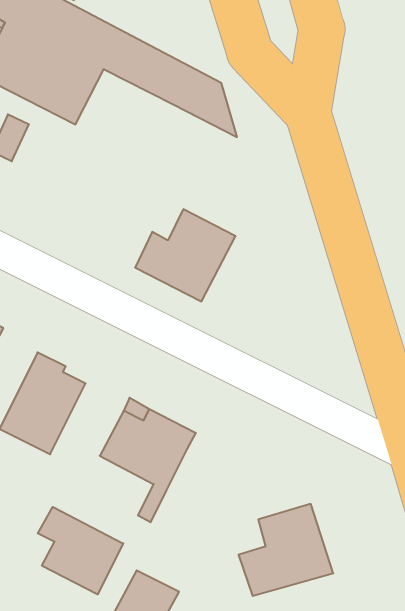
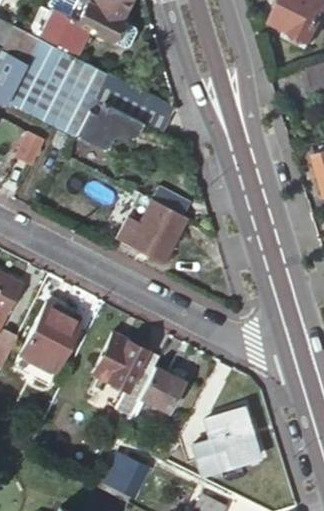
building: none -> [80,100,143,152]
building: none -> [138,368,182,412]
building: [38,507,123,594] -> none

